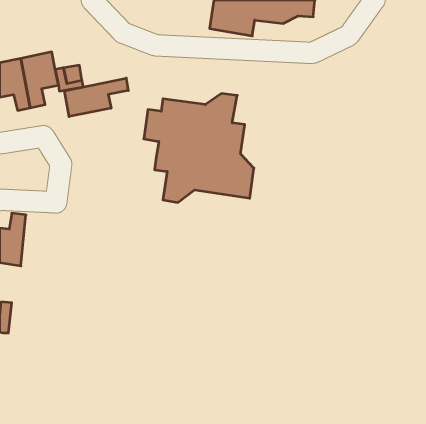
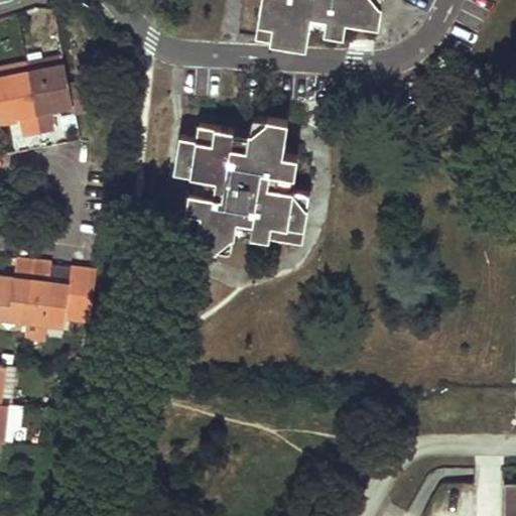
building: [65,78,128,117] -> none
building: none -> [23,263,94,339]

